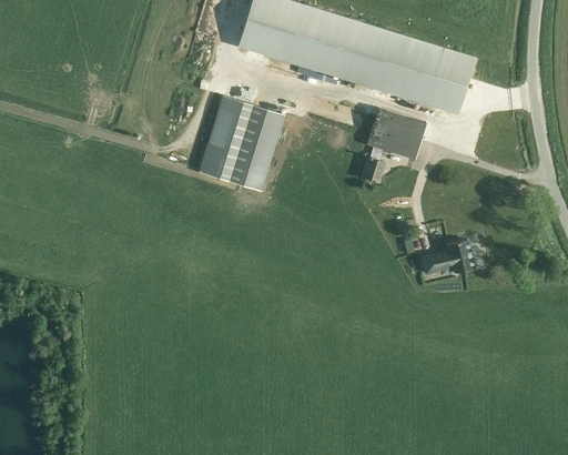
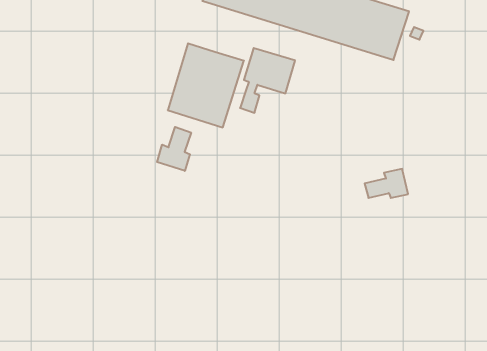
building: [362,108,425,182] -> [240,48,295,113]
building: none -> [157,127,191,171]

